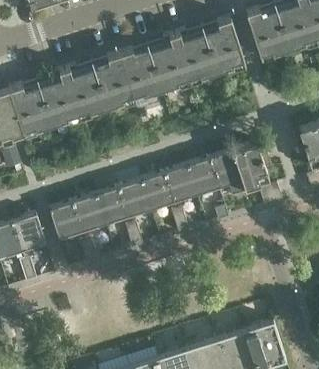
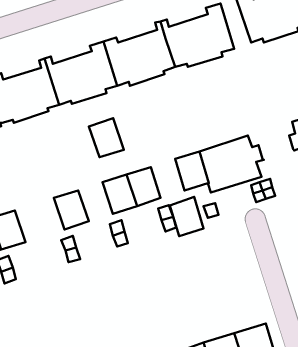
building: [164,165,196,202] -> [170,197,204,236]
building: [95,187,128,224] -> [89,118,124,157]
building: [49,202,82,239] -> none

